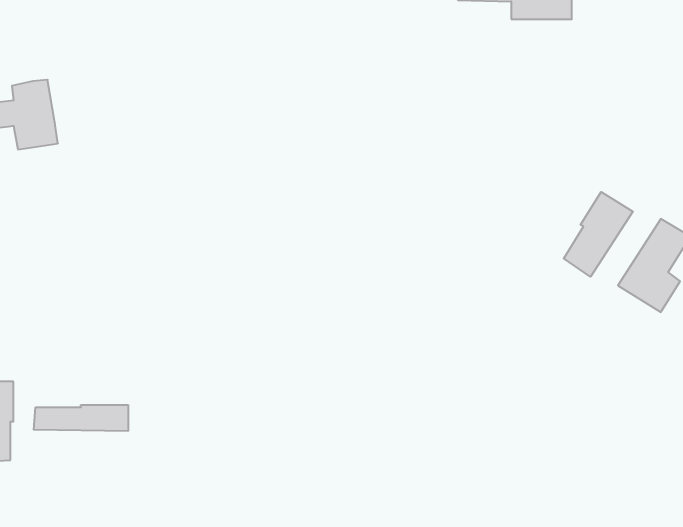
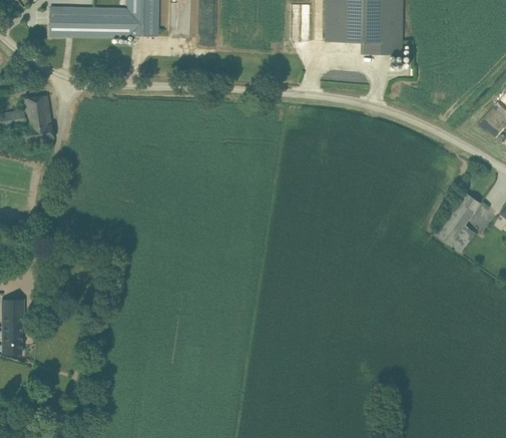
building: [564,192,633,277] -> none
building: [34,405,128,431] -> none

